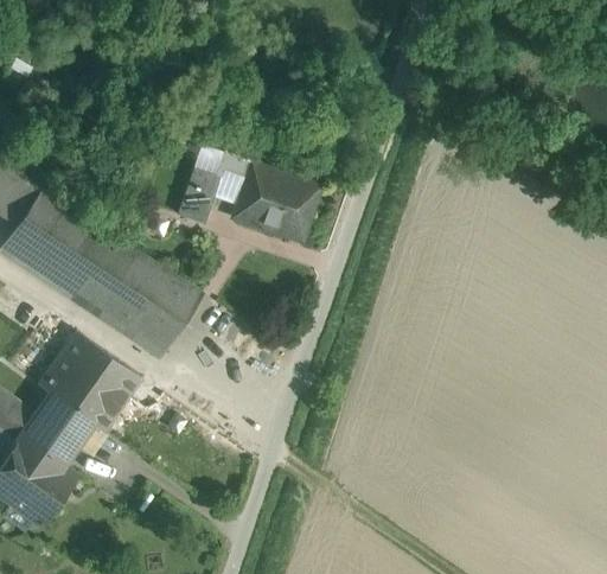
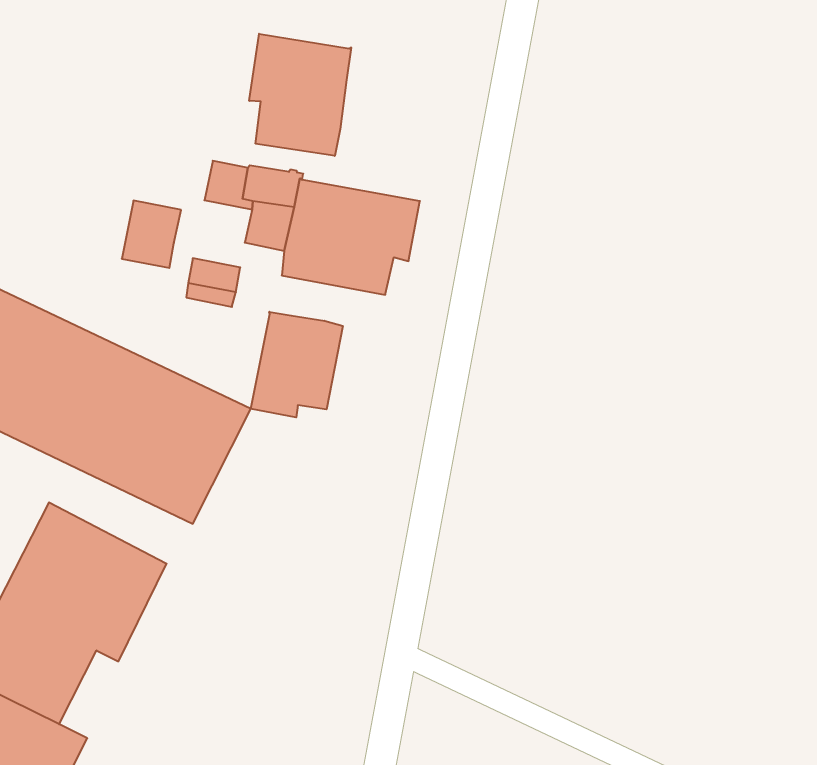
building: none -> [249,34,351,156]
building: [183,168,222,211] -> [122,201,181,268]
building: none -> [251,312,343,417]

